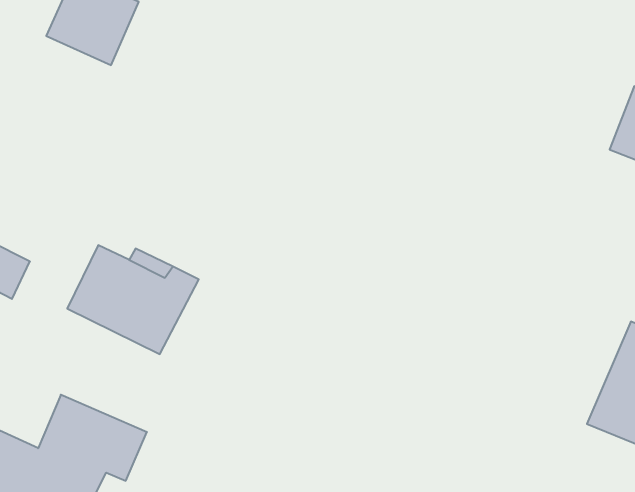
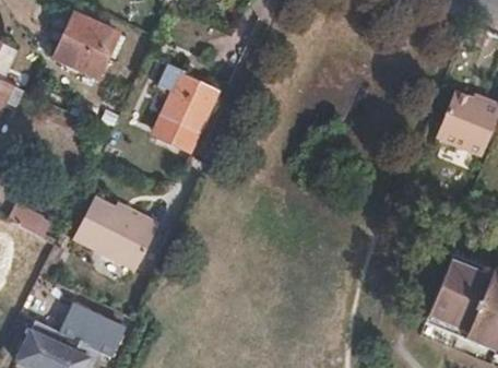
building: none -> [159,62,217,153]

